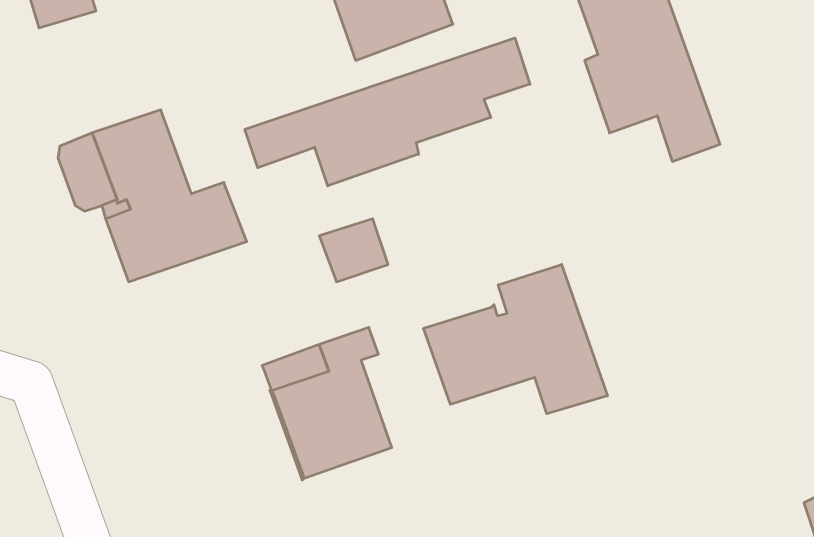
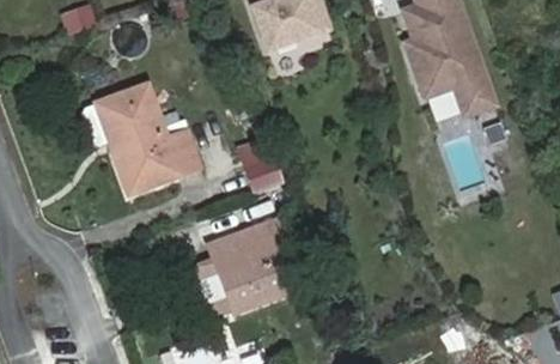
building: [245,38,530,186] -> none
building: [424,264,607,414] -> none

